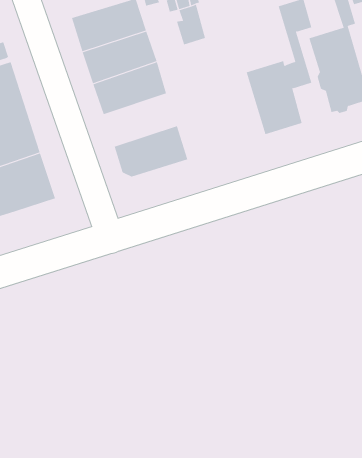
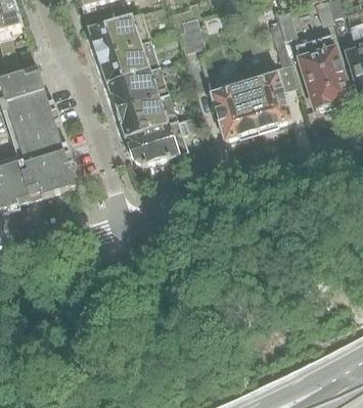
building: none -> [205,73,255,138]
building: none -> [115,91,179,137]

